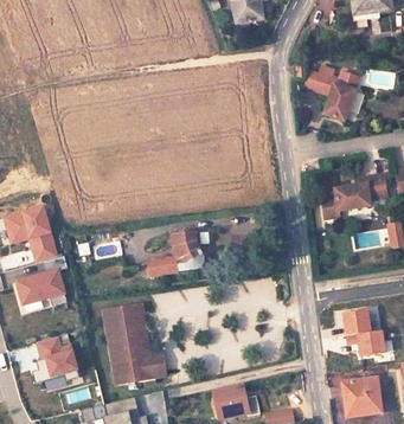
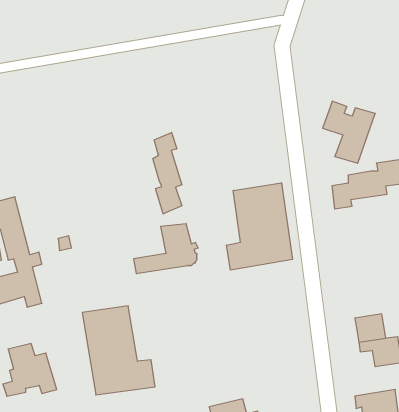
building: [313,65,359,120] -> [323,101,375,163]
building: none -> [153,132,182,214]
building: none -> [227,183,293,270]

